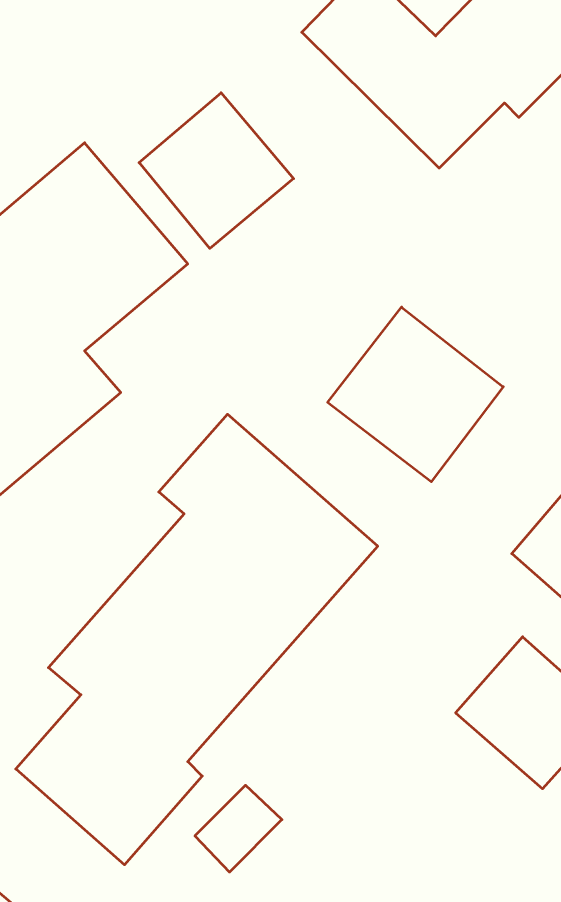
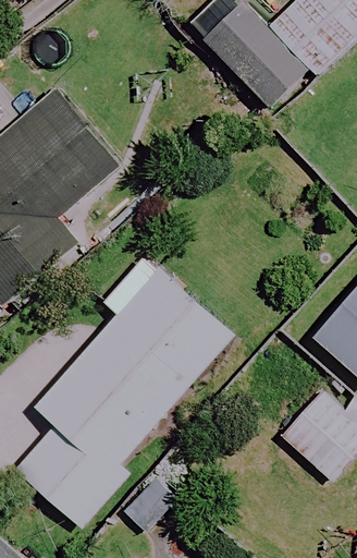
building: [139,93,294,248] -> none
building: [328,307,503,482] -> none

